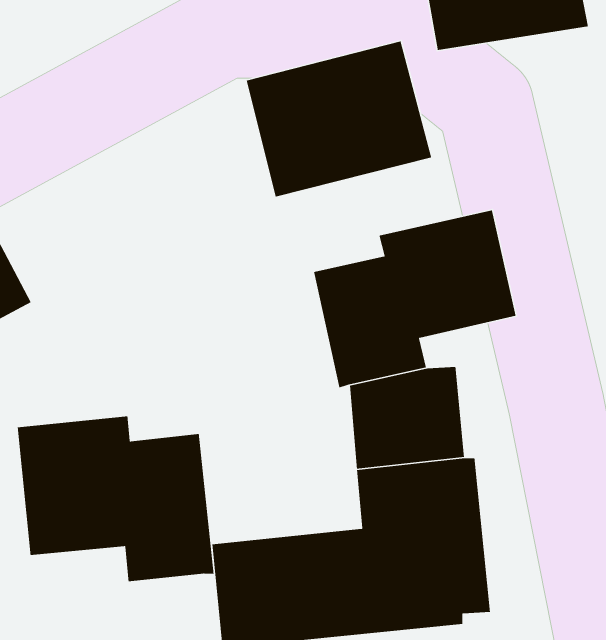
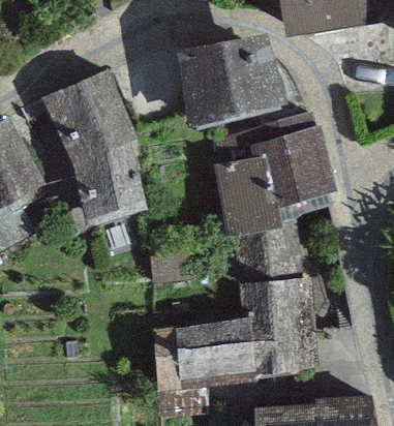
building: none -> [41,70,146,219]
building: [17,416,214,582] -> none

